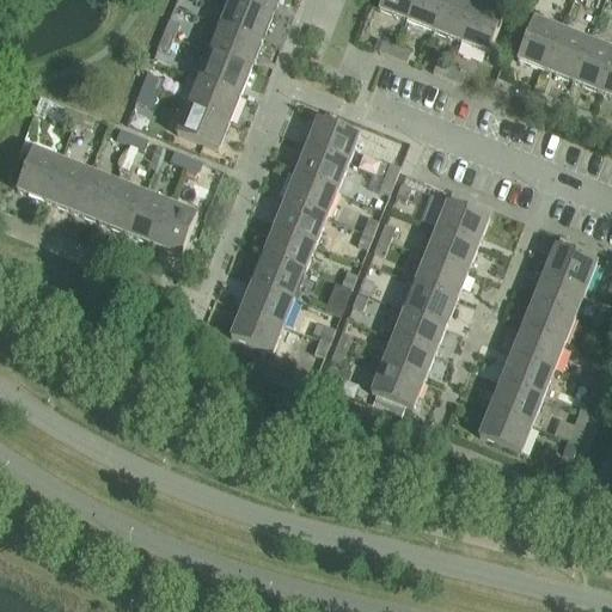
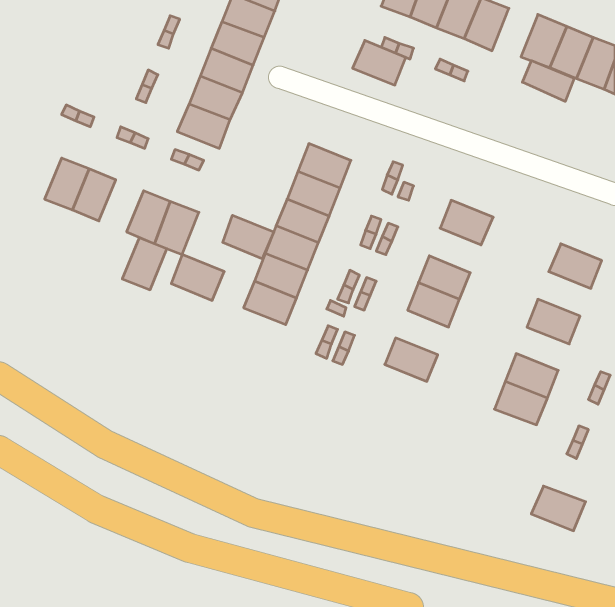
building: none -> [522,61,574,101]
building: [306,115,359,159] -> [353,40,406,85]
building: [17,145,61,197] -> none
building: [98,178,142,230] -> [122,238,167,290]
building: none -> [223,215,274,259]
building: [426,226,477,270] -> none
building: [533,269,586,313] -> none
building: [231,305,283,350] -> [171,255,224,300]
building: [392,307,445,351] -> none
building: [512,324,564,367] -> none
building: [371,361,423,406] -> none
building: [478,405,532,449] -> [531,486,586,531]

